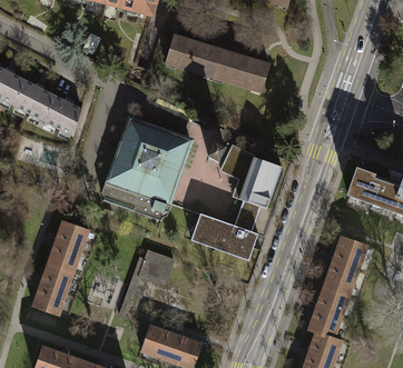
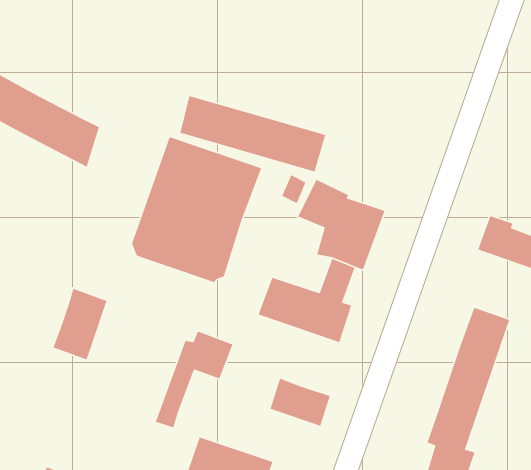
building: [166,36,269,90] -> [179,95,326,173]
building: [31,262,71,314] -> none
building: none -> [269,378,331,427]

